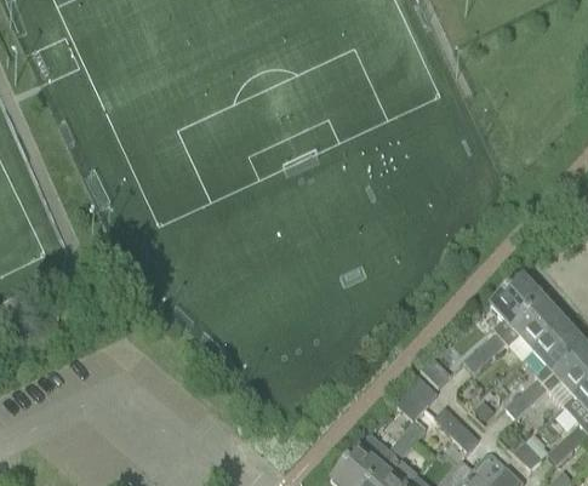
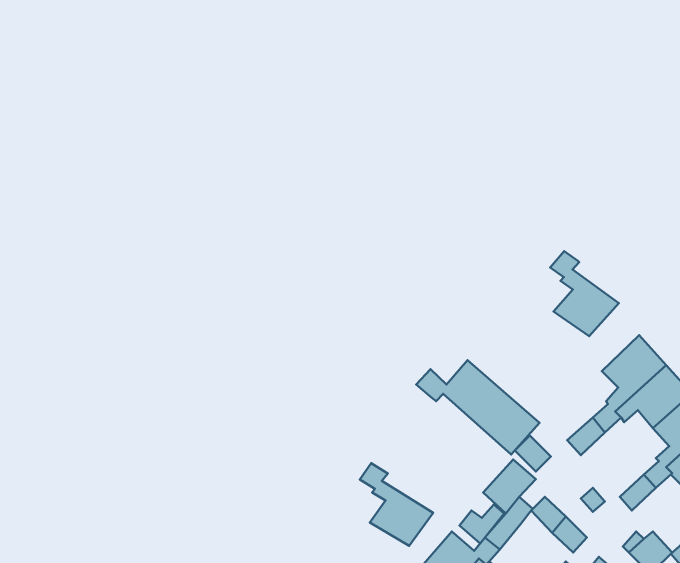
building: none -> [550,251,619,336]
building: none -> [416,360,539,455]
building: none -> [360,463,433,546]

